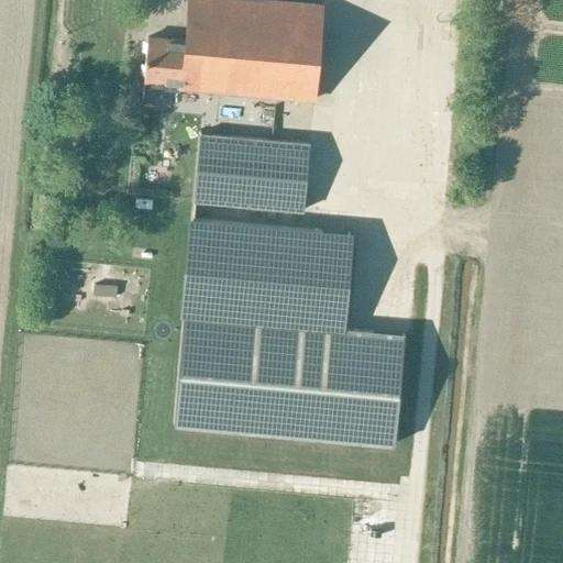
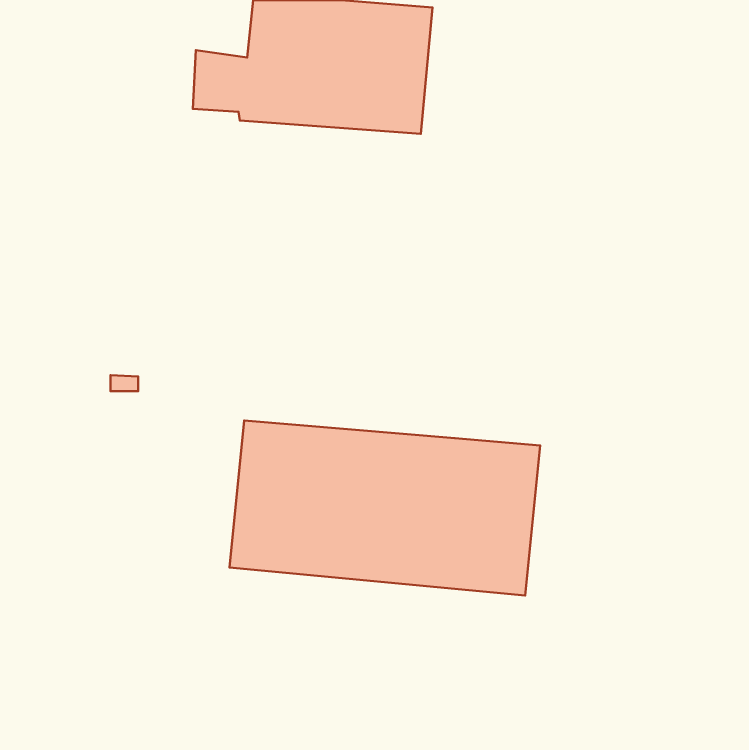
building: [196,133,311,212] -> none
building: [185,220,351,329] -> none

